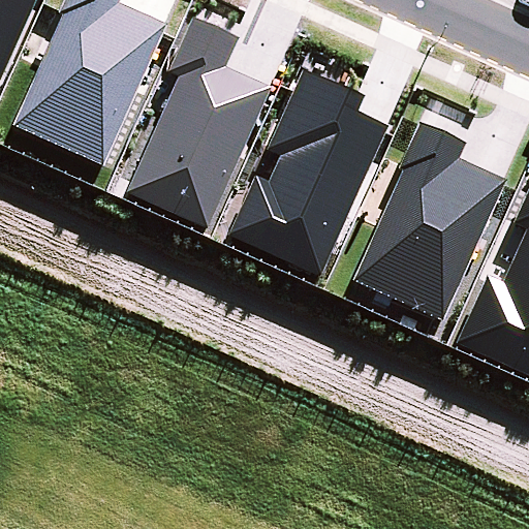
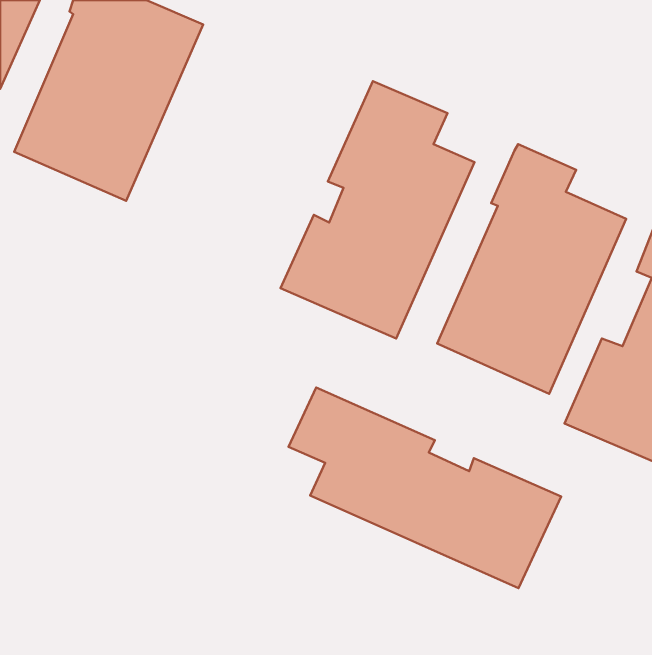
building: [128,15,272,226] -> none
building: none -> [289,388,561,588]

